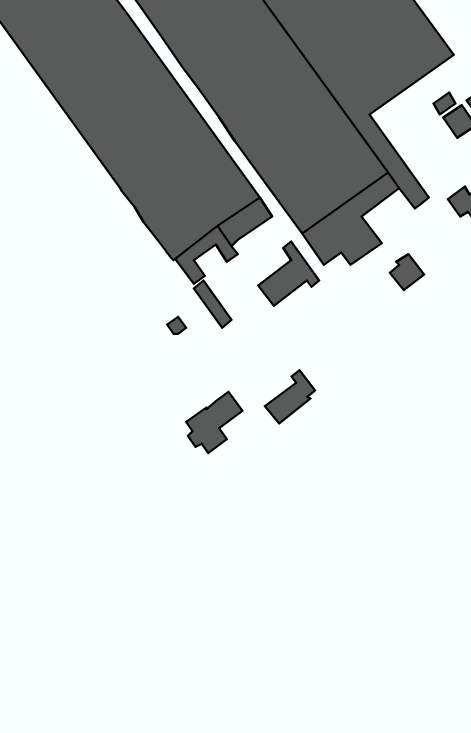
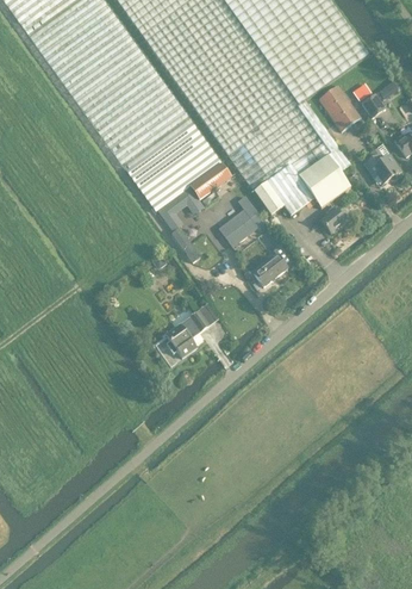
building: none -> [319,83,361,130]
building: none -> [299,155,350,207]
building: [265,370,315,424] -> [254,244,292,285]

